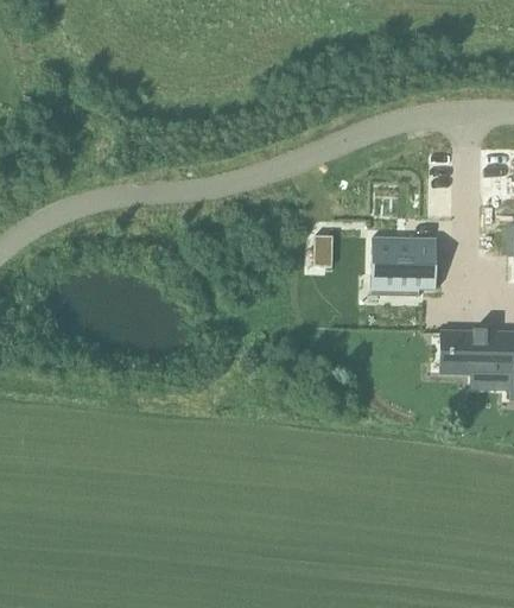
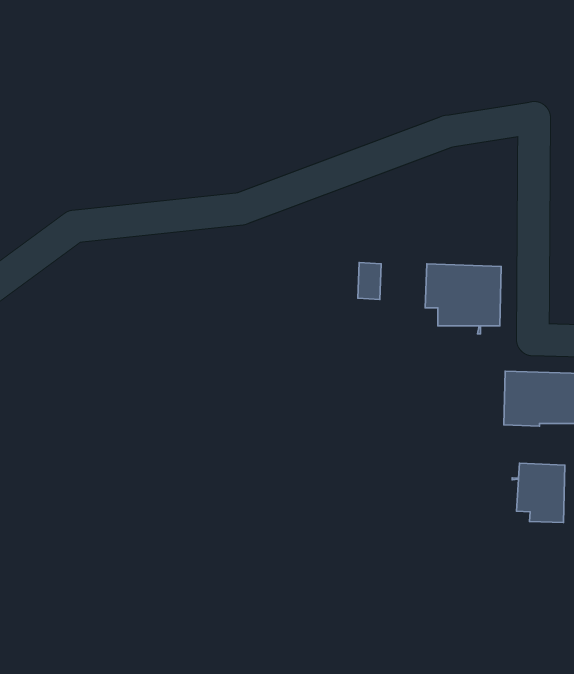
building: none -> [512,463,565,523]

